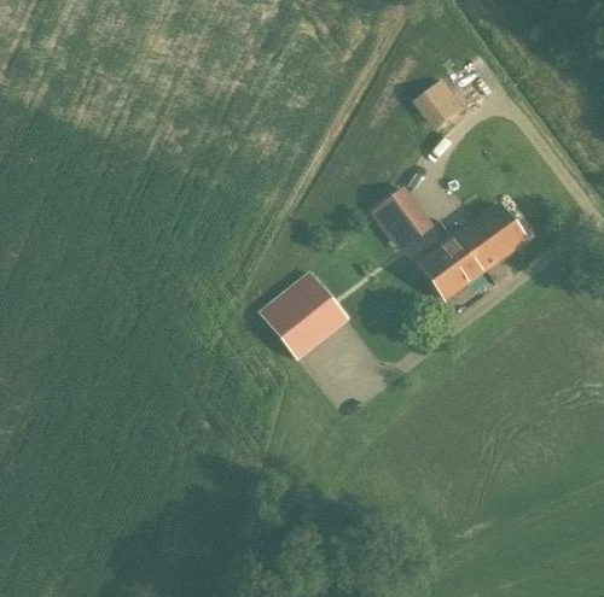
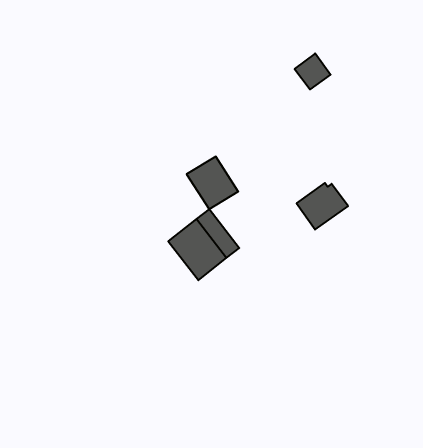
building: [365,185,429,250] -> [187,157,238,209]
building: [455,206,525,268] -> none

